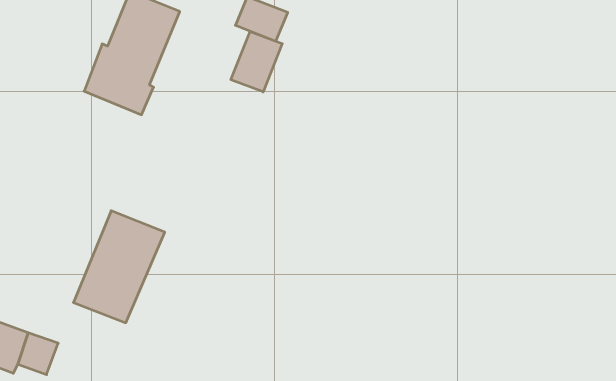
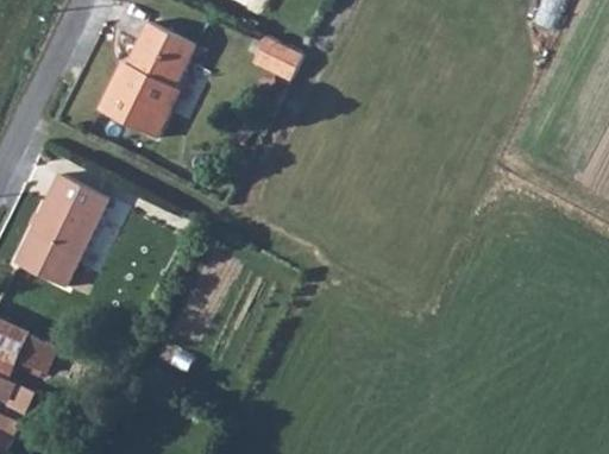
building: [231,31,282,92] -> none
building: [73,211,165,323] -> [19,177,109,283]

